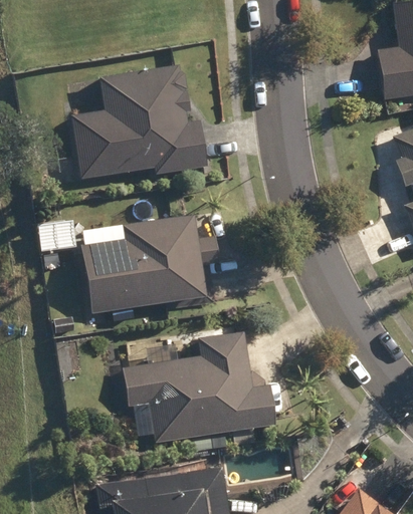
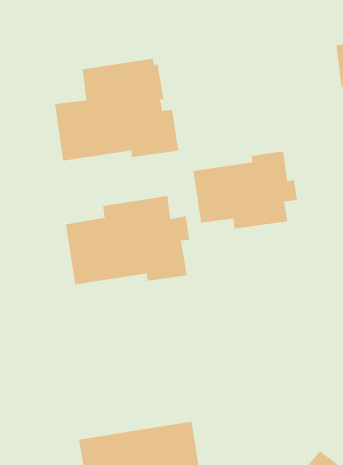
building: none -> [193,151,298,230]
building: [123,332,275,450] -> none

